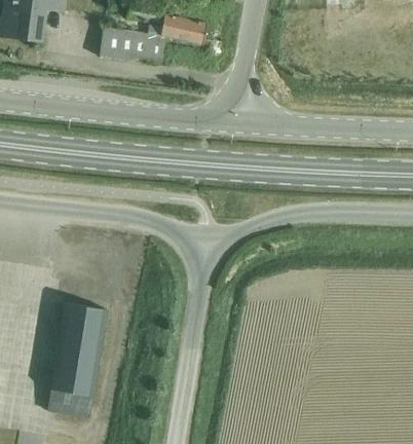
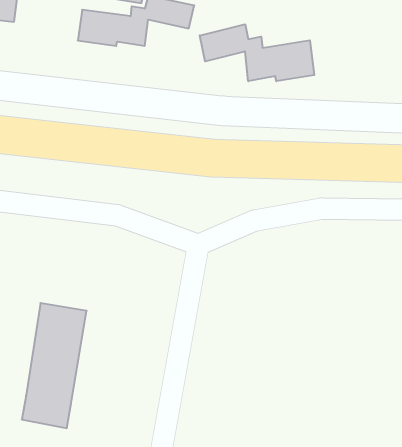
building: none -> [200,24,314,81]

